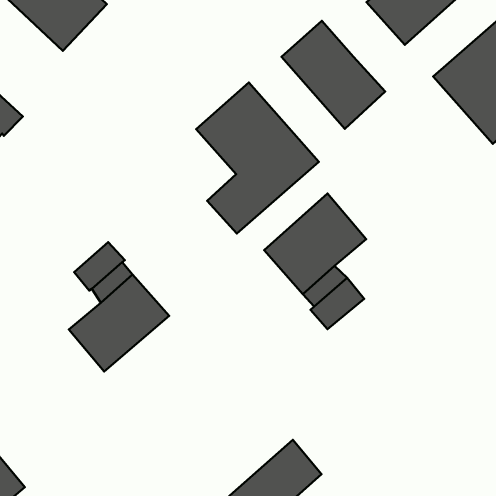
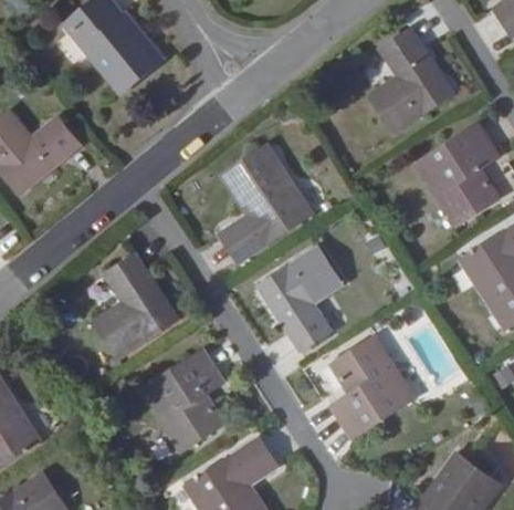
building: [281,21,385,129] -> none
building: none -> [329,334,415,437]
building: none -> [139,347,225,452]

